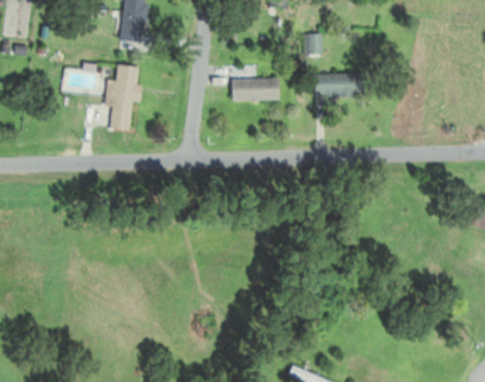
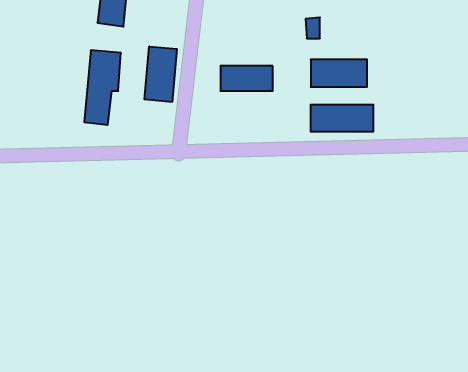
building: none -> [144,46,177,102]
building: none -> [311,105,373,132]

